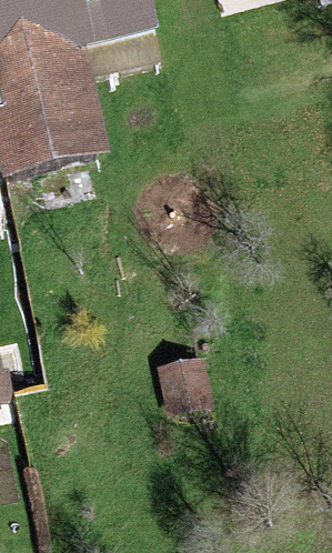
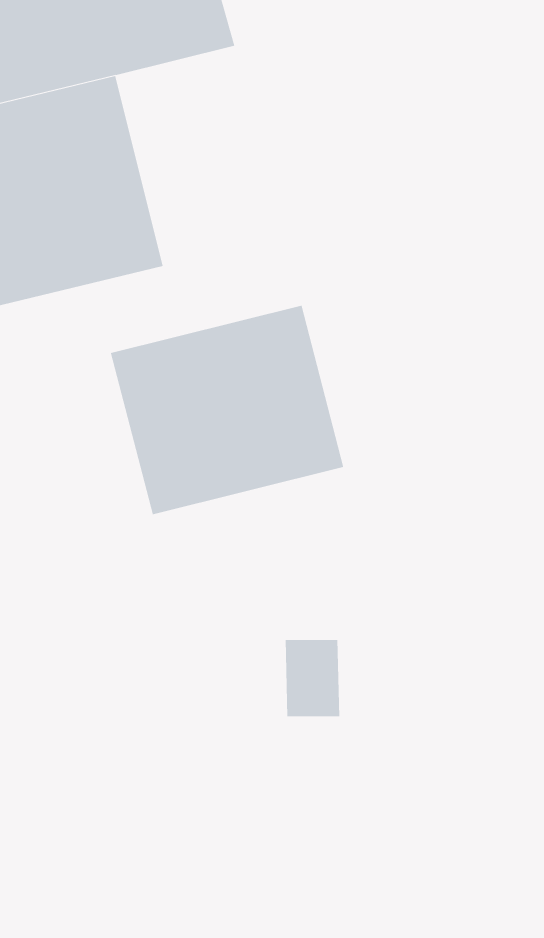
building: none -> [110,305,344,515]

